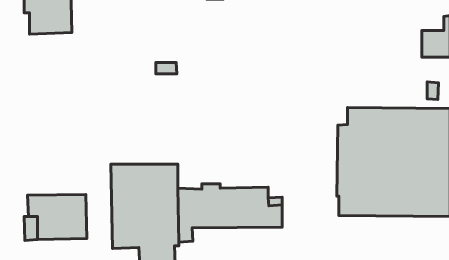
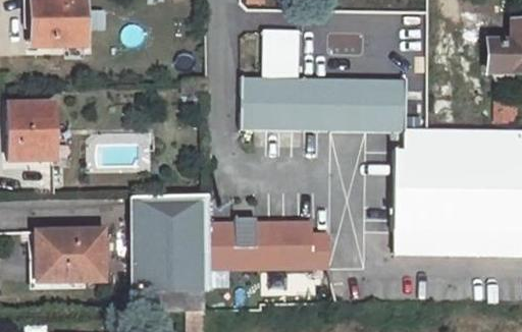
building: none -> [242,30,405,130]
building: none -> [7,101,54,158]

